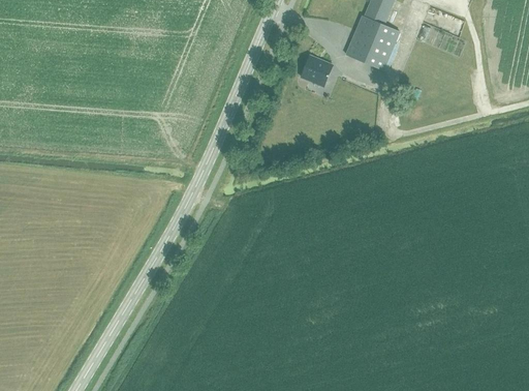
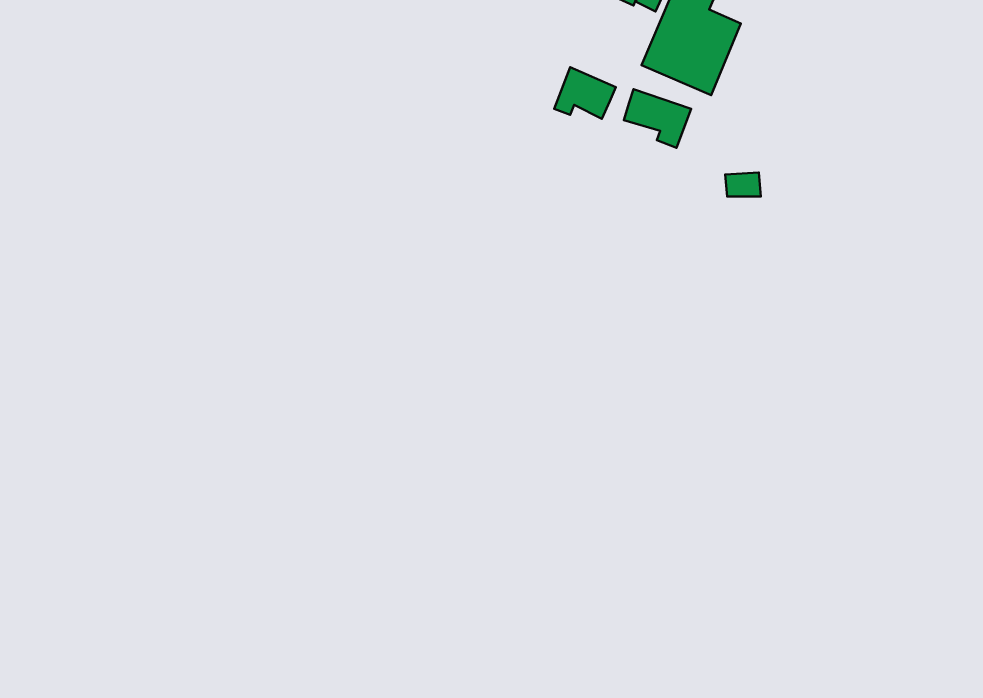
building: none -> [624,89,691,148]

